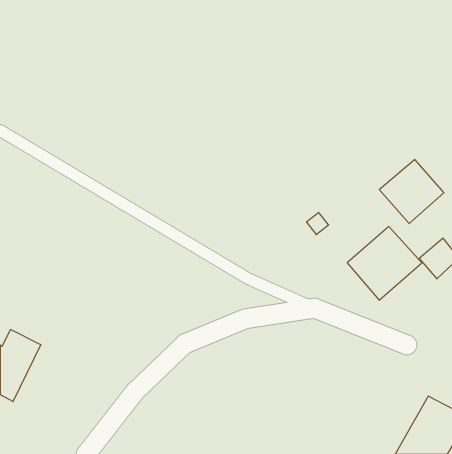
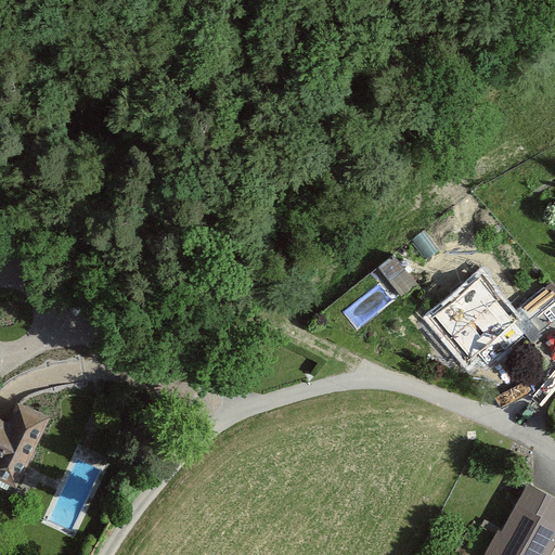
building: [379,159,444,224] -> none

